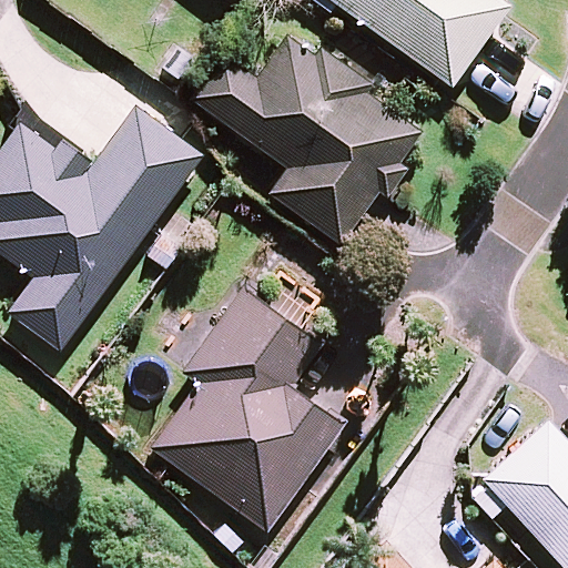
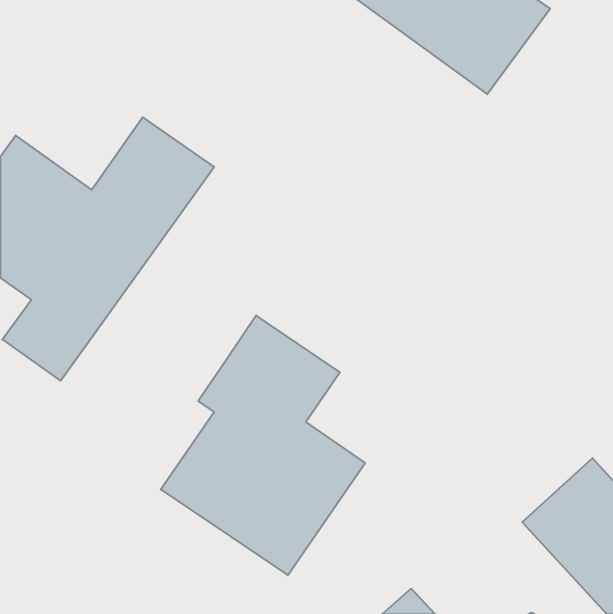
building: [193,34,420,244] -> none

